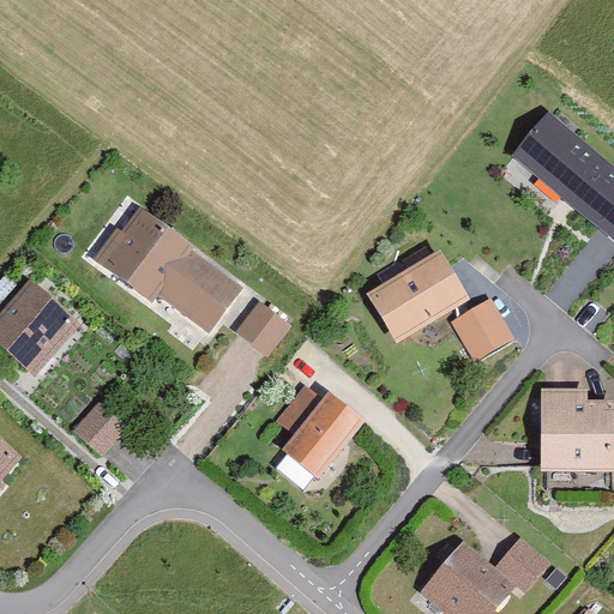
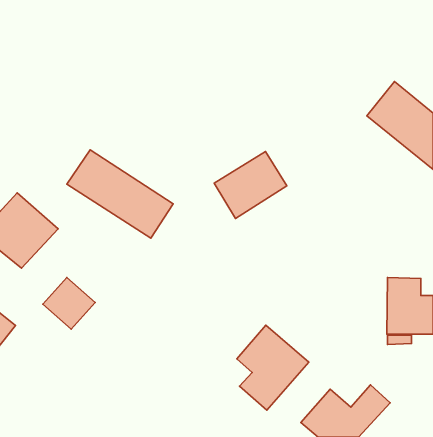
building: [369,248,471,342] -> [214,152,287,218]
building: [455,299,513,356] -> none
building: [235,300,289,354] -> none
building: [269,371,369,489] -> [237,325,309,410]

